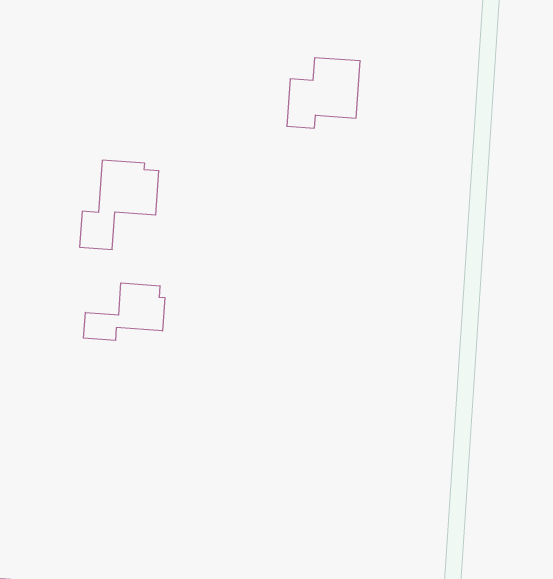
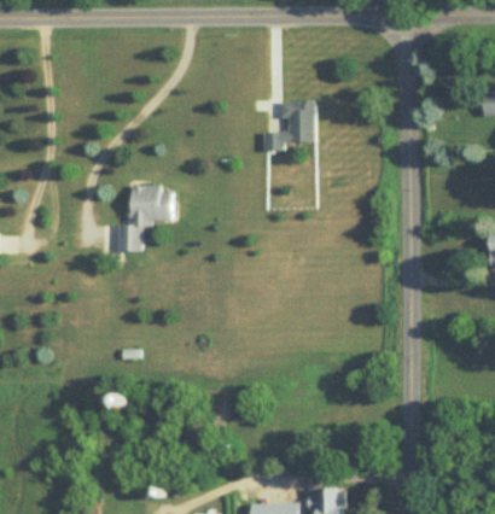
building: [84,283,165,340] -> none

